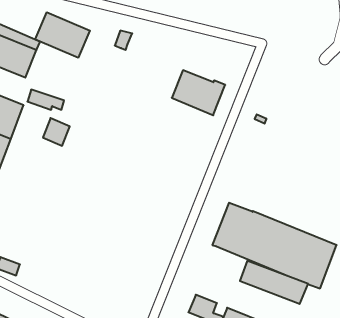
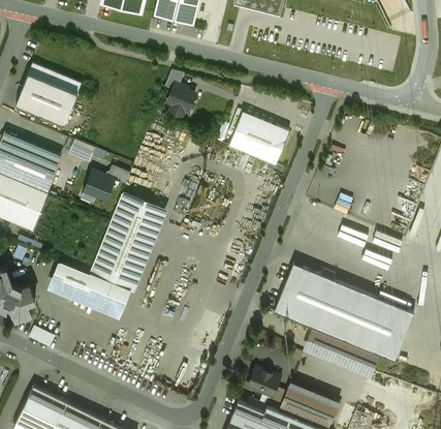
building: [35,12,90,58] -> none
building: none -> [166,86,194,117]
building: none -> [46,192,167,319]

